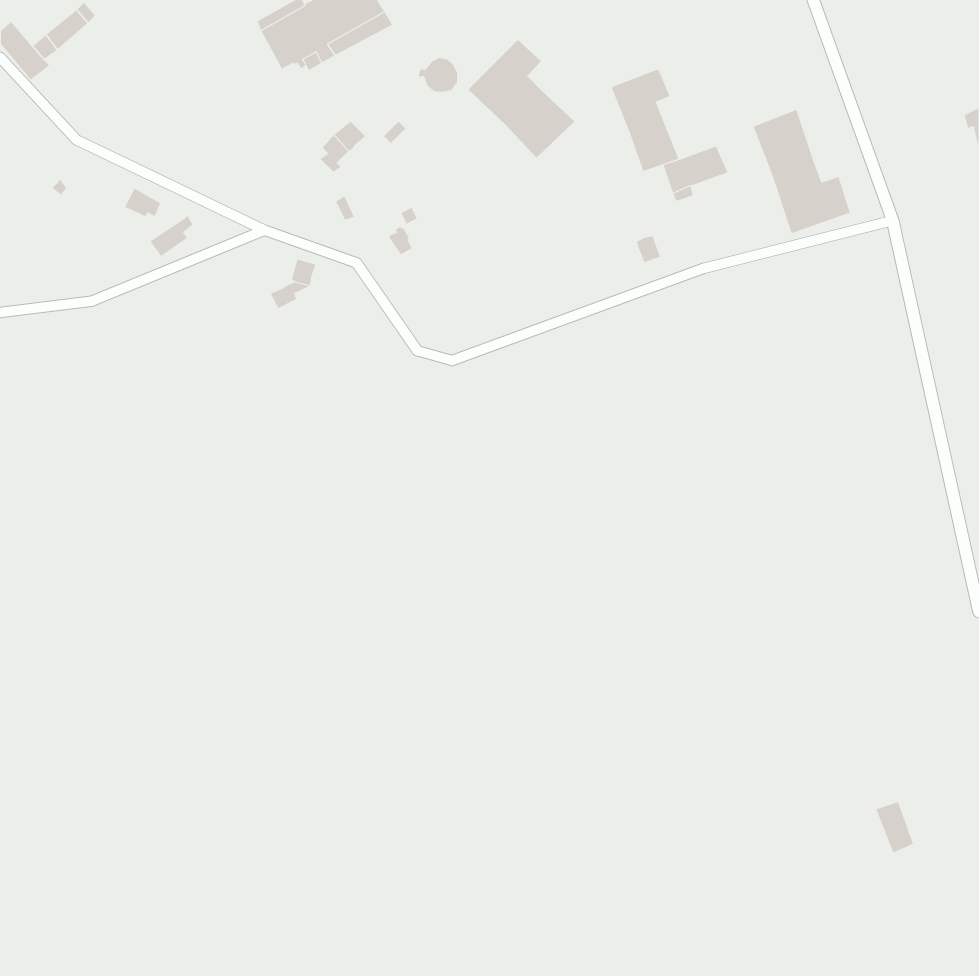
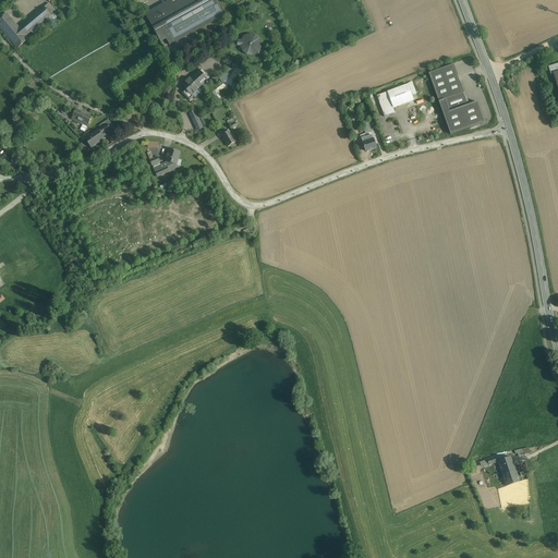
building: [468,39,575,158] -> none
building: [611,68,679,172] -> none

